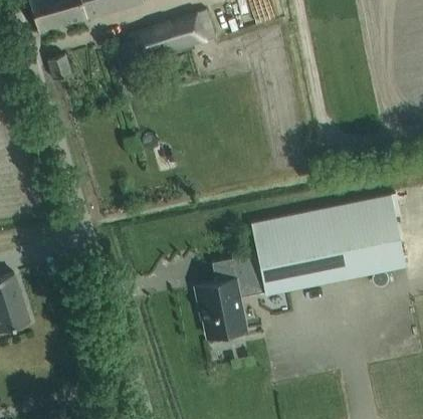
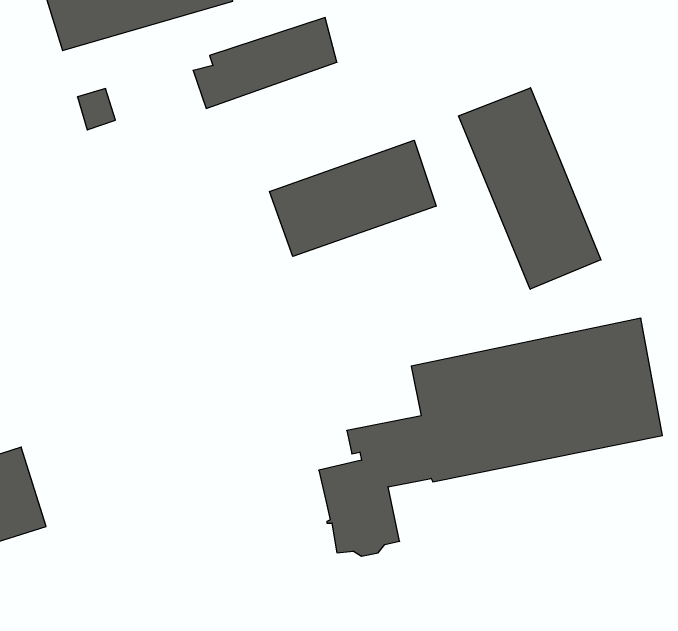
building: none -> [459,88,601,289]
building: none -> [270,140,436,256]

